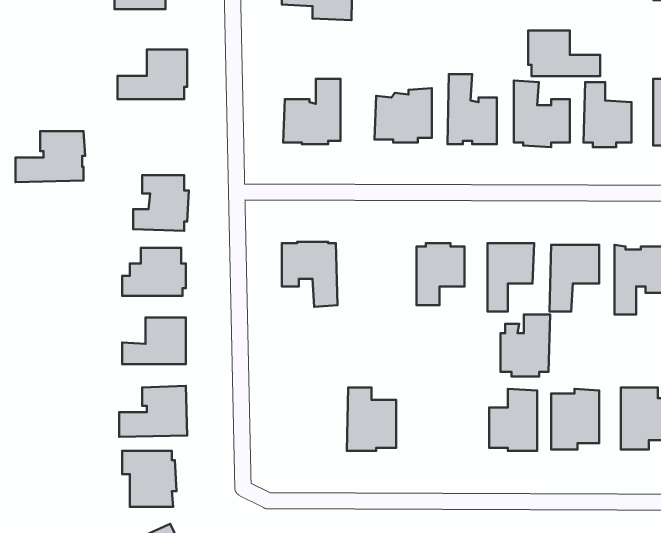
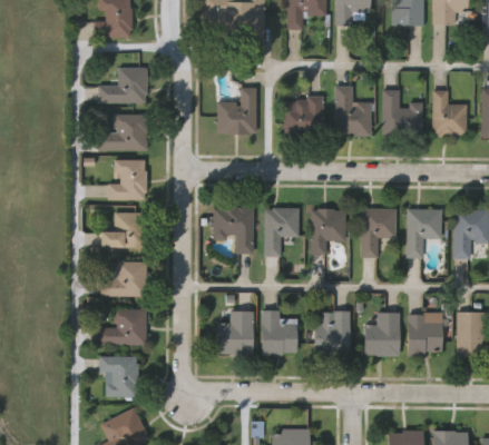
building: [528,31,600,76] -> none
building: [15,131,85,182] -> [97,112,147,149]
building: none -> [266,206,302,255]
building: [501,314,550,376] -> [315,310,351,355]
building: none -> [218,310,254,355]

